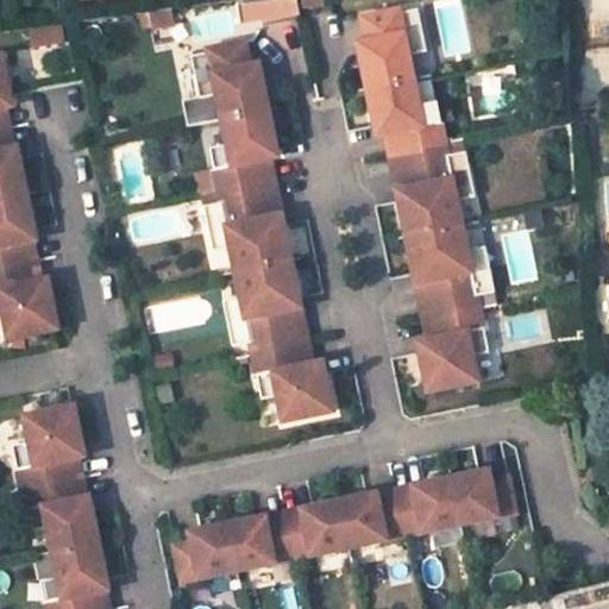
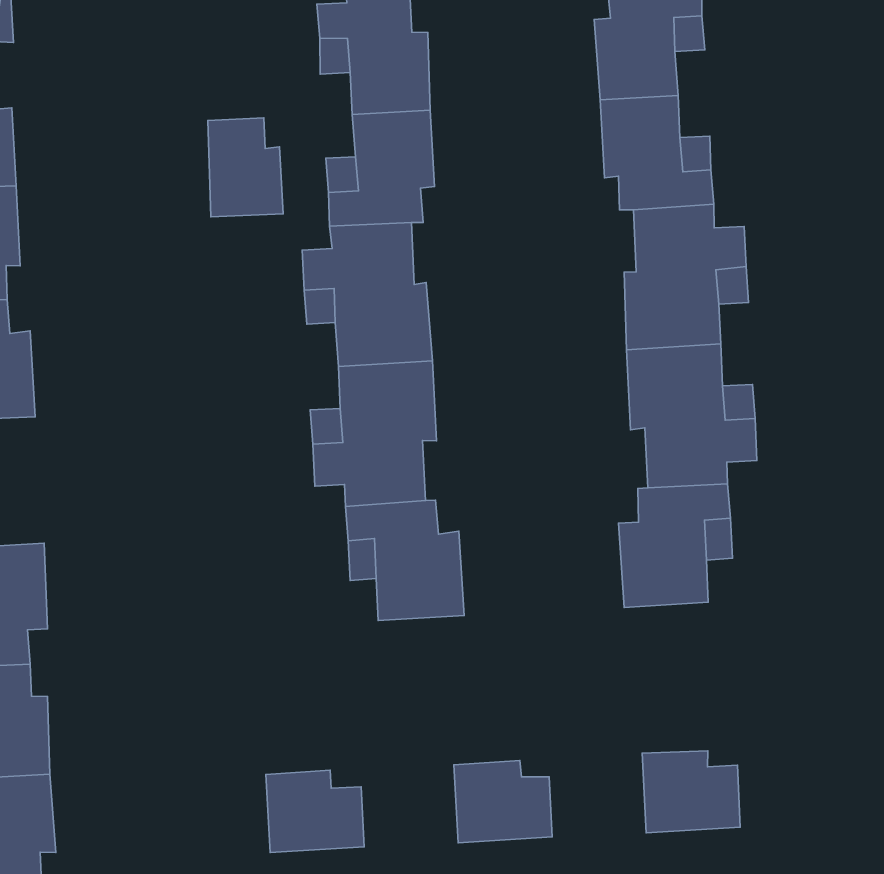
building: none -> [208,118,283,217]
building: [398,476,462,534] -> none
building: [287,500,350,557] -> none
building: [176,522,238,580] -> none

